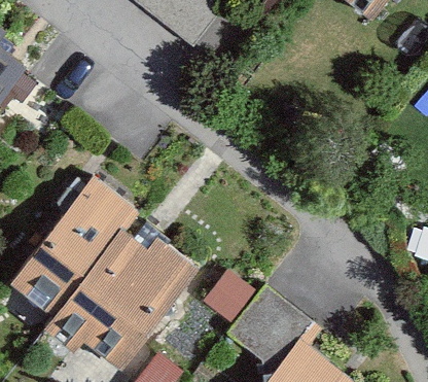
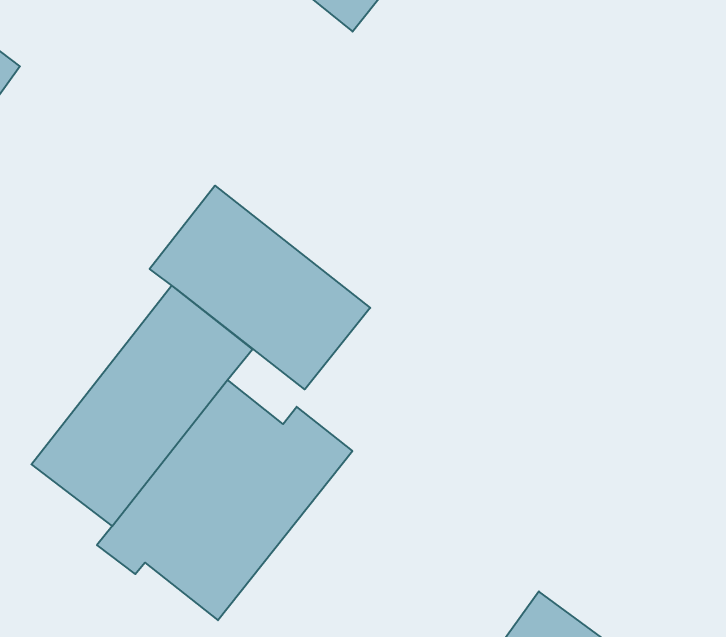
building: none -> [150,186,370,389]

